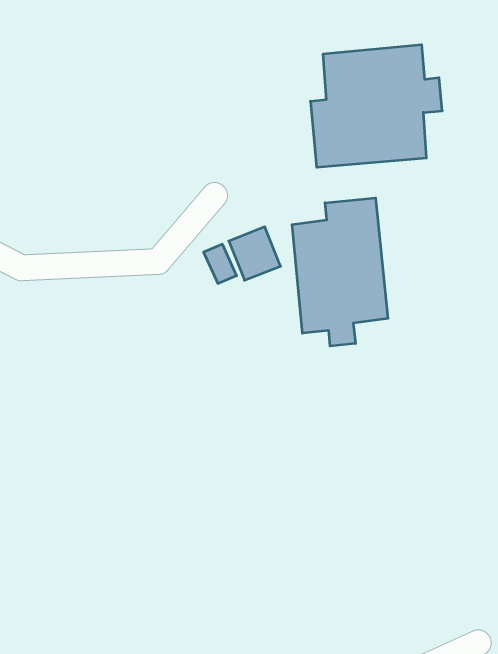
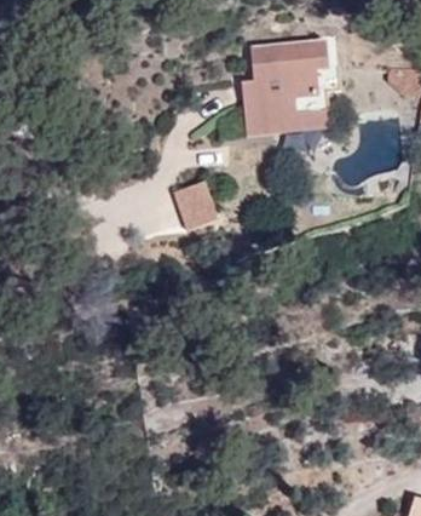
building: [292,198,388,346] -> none

